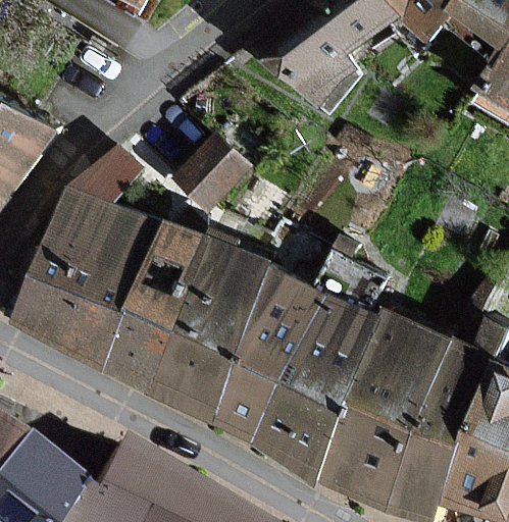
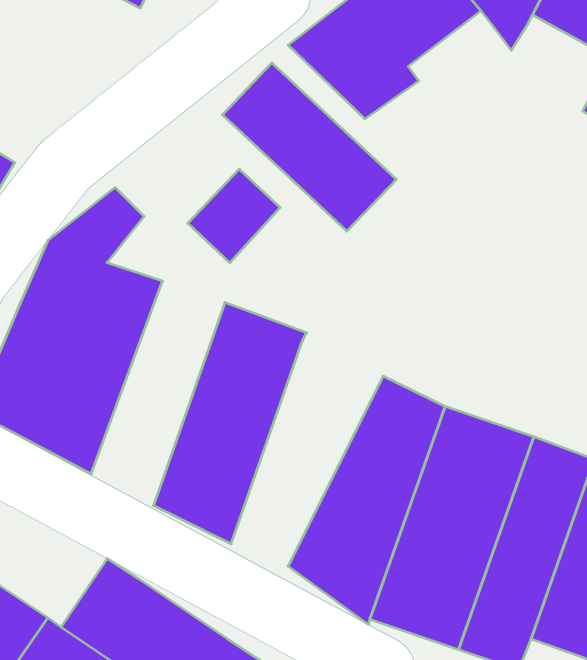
building: none -> [222,63,396,231]
building: [105,222,208,396] -> none
building: [213,268,330,442] -> none

